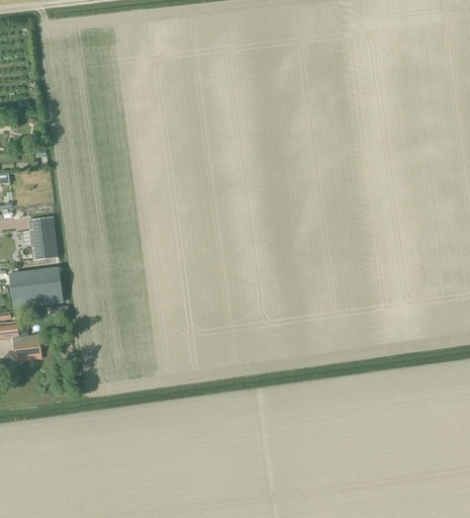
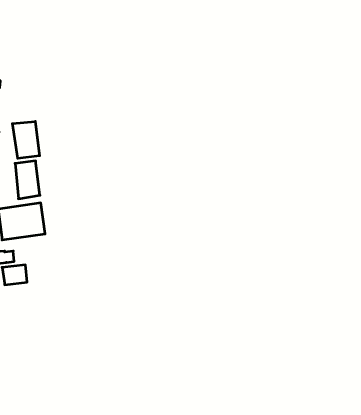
building: none -> [12,121,40,158]

